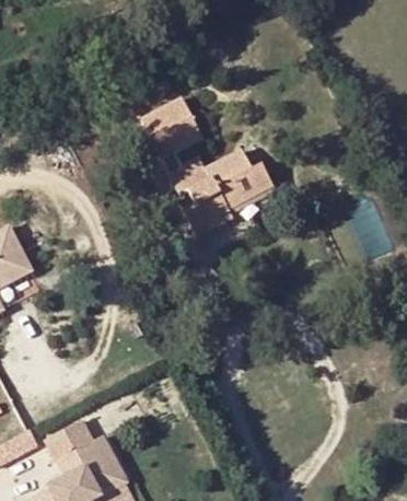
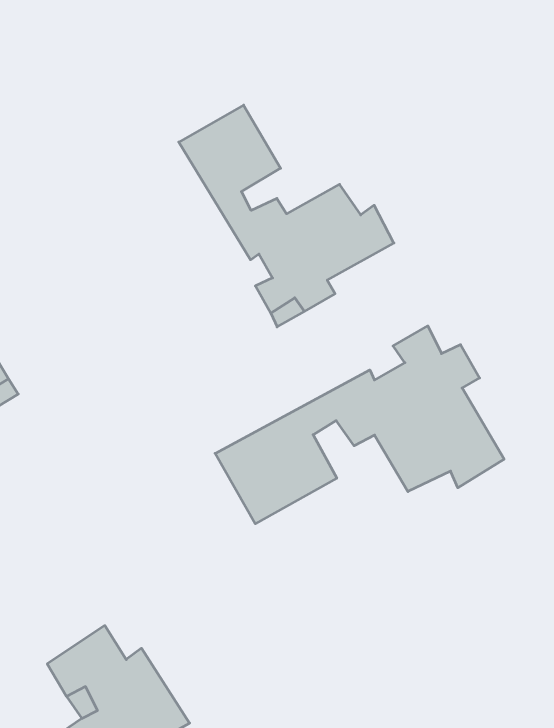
building: none -> [215,326,504,524]

